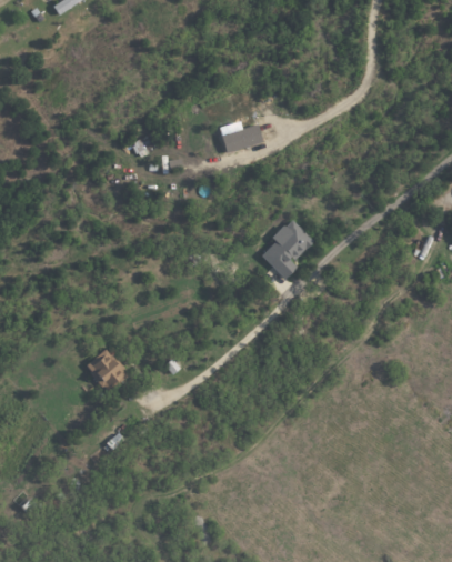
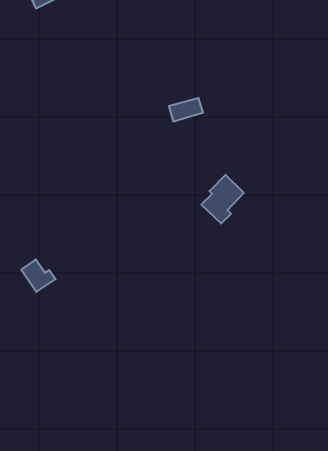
building: [88,352,130,392] -> [21,259,56,292]

